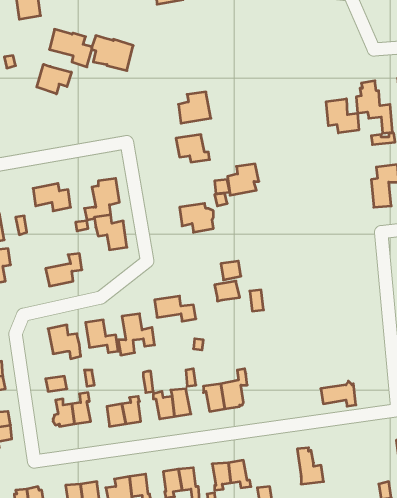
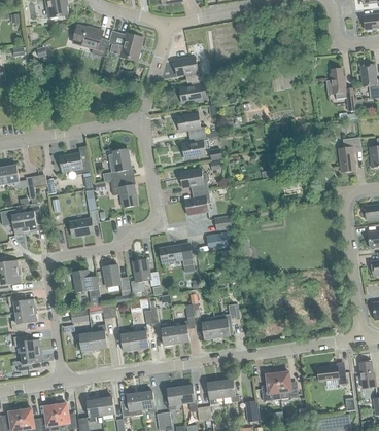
building: [37,64,71,94] -> none
building: none -> [174,56,202,78]
building: [326,99,359,133] -> none
building: [228,164,259,195] -> [182,132,208,157]
building: none -> [184,188,210,213]
building: [321,381,356,406] -> [317,361,346,382]
building: none -> [262,369,280,400]

